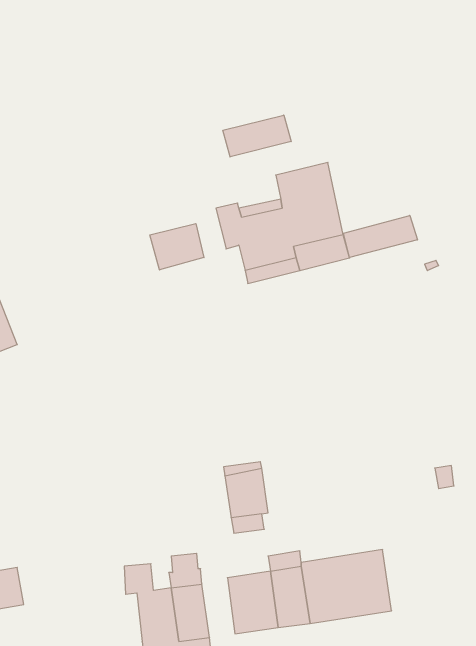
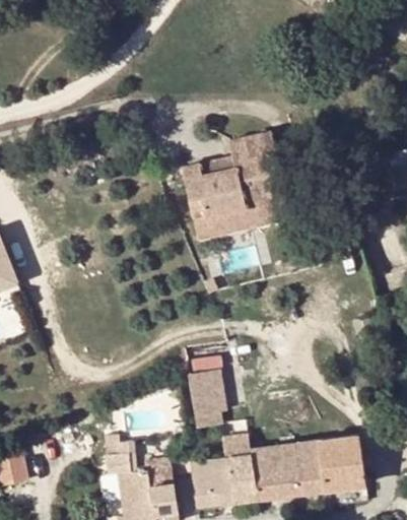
building: [223,115,291,157] -> none
building: [344,215,417,257] -> none
building: [150,224,204,270] -> none
building: none -> [315,435,365,491]

